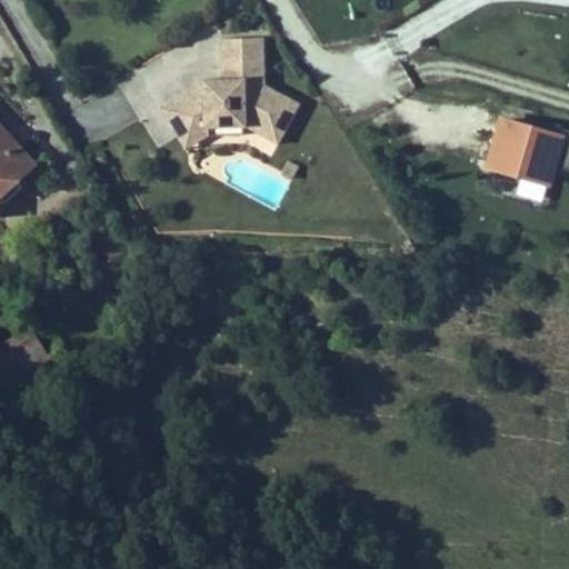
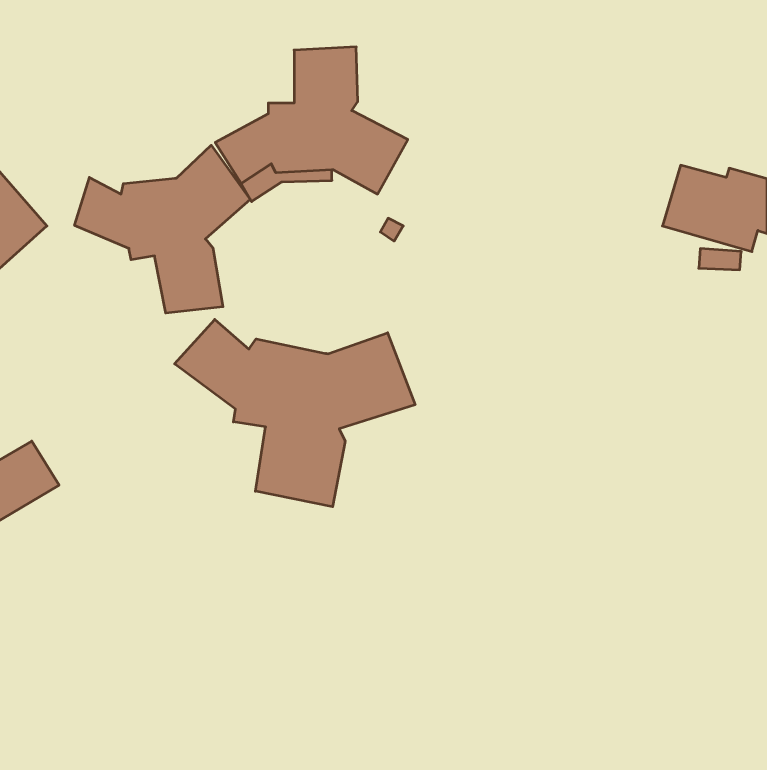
building: none -> [75,145,250,313]
building: none -> [175,319,415,507]

